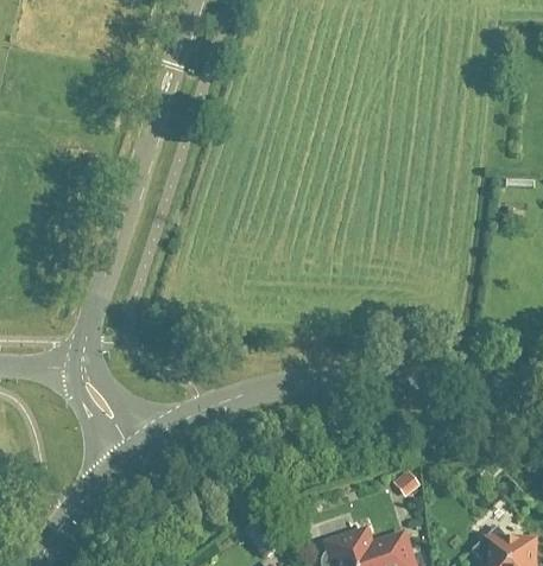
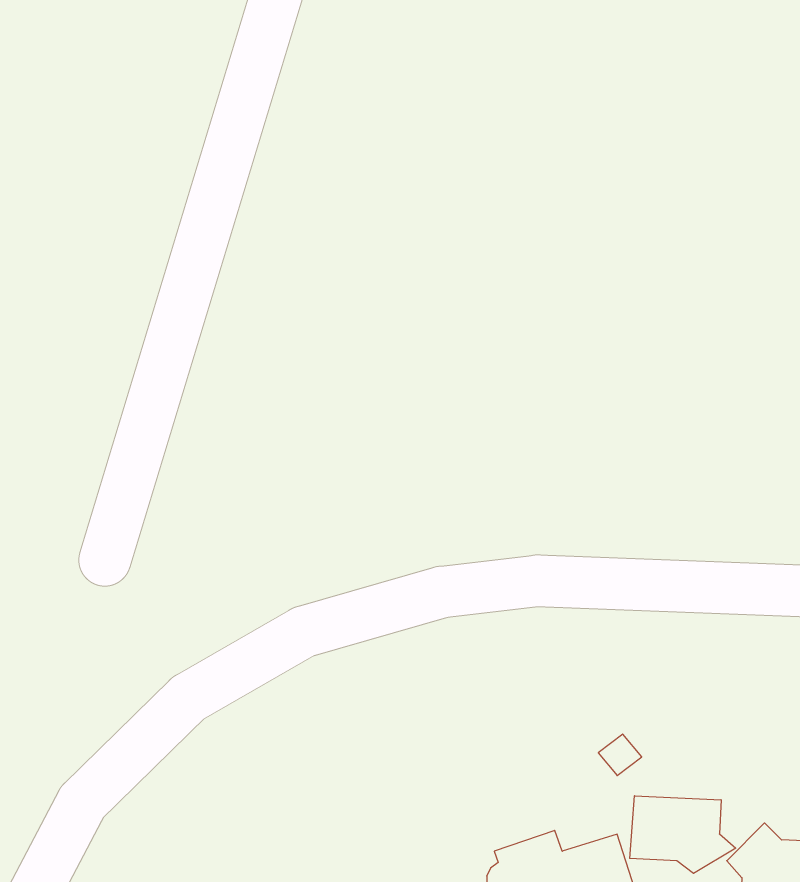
building: none -> [630,796,736,873]

